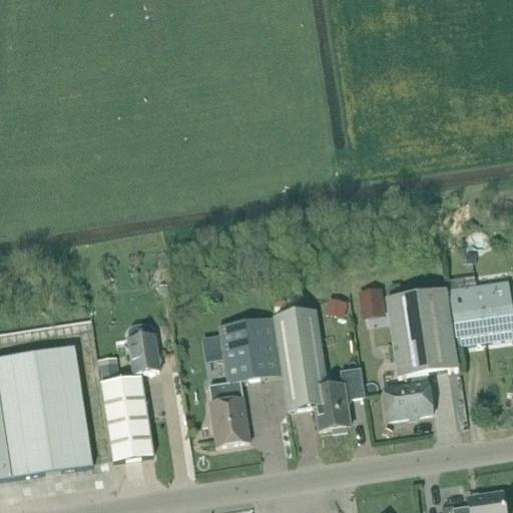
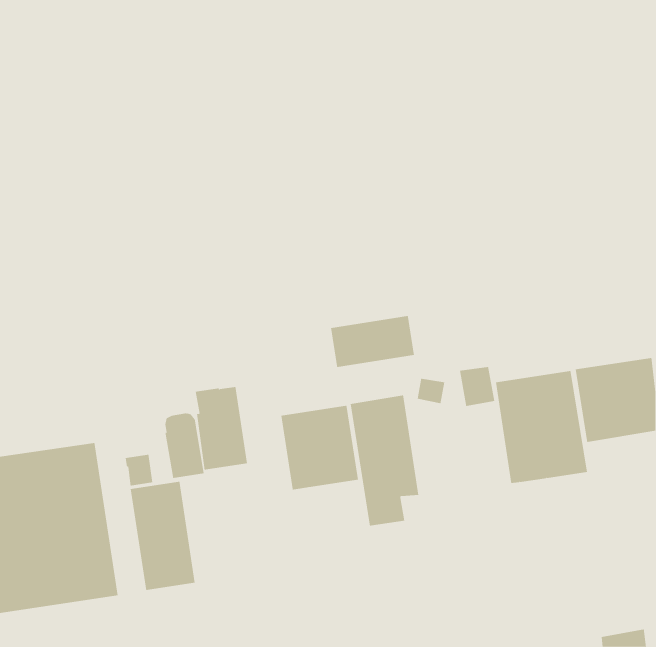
building: none -> [331,315,414,368]
building: [313,366,364,432] -> none
building: [384,373,433,419] -> none
building: [208,380,249,445] -> [195,386,248,470]

